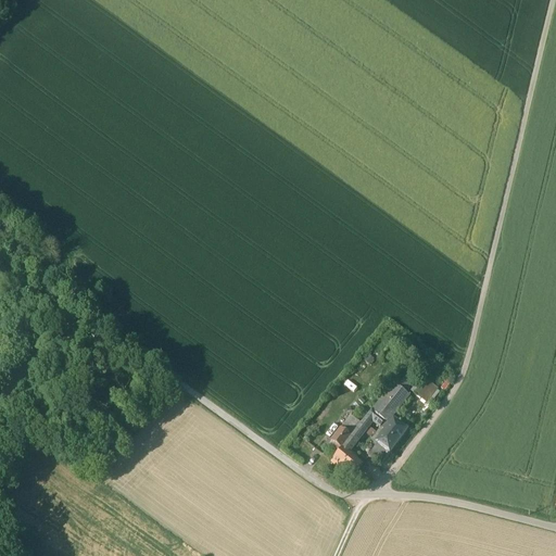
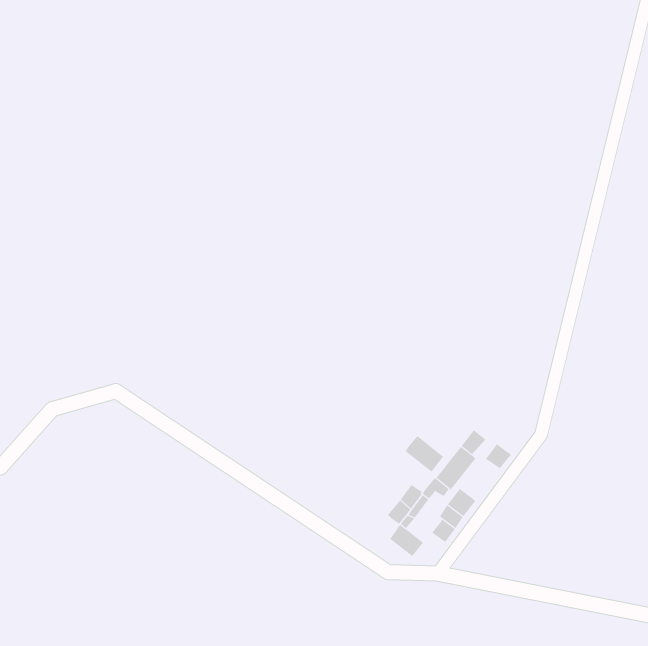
building: none -> [405,435,444,473]

